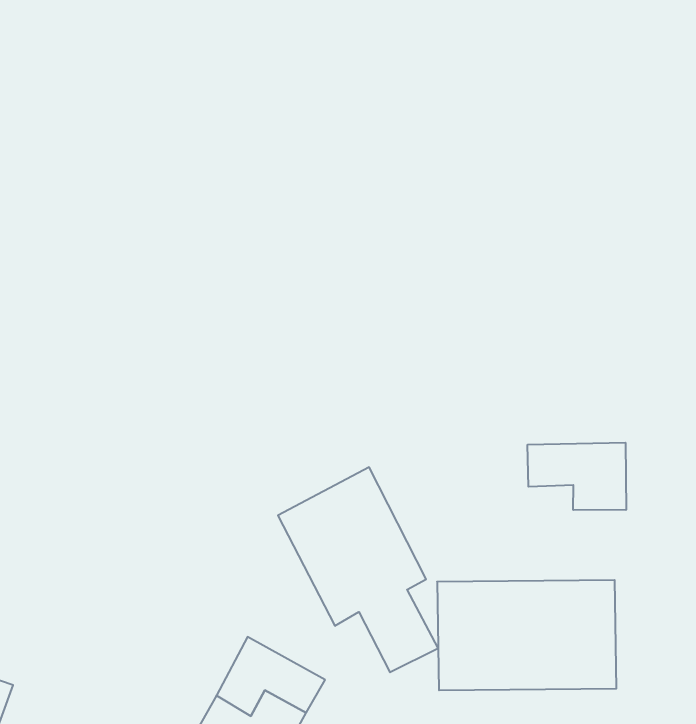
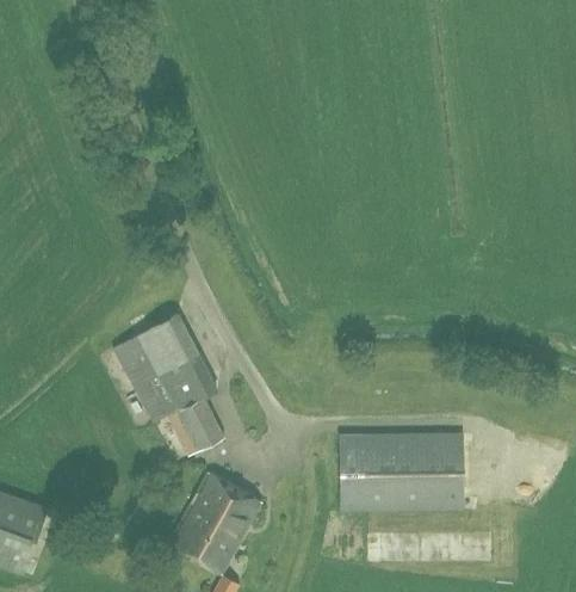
building: [528,443,626,510] -> none
building: [278,467,438,672] -> [113,313,224,455]

